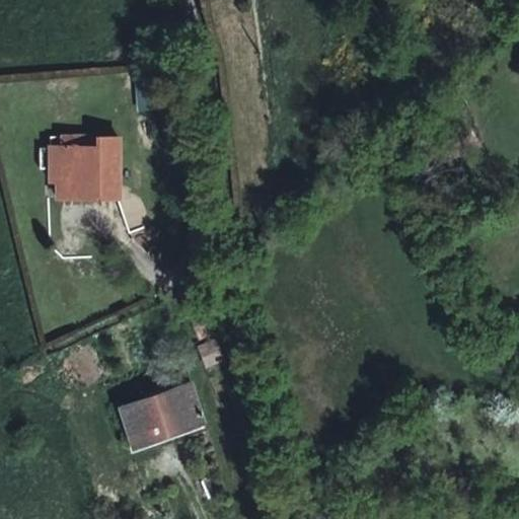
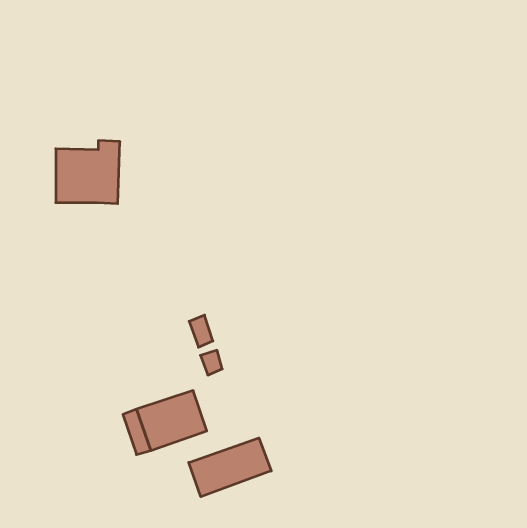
building: none -> [189,438,271,497]

